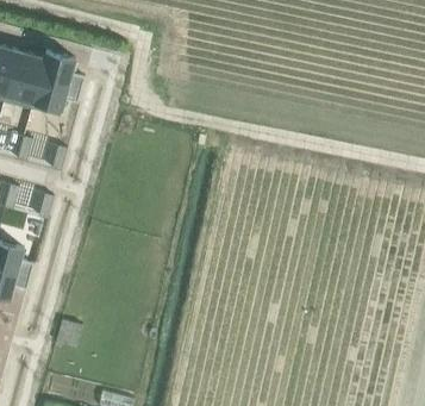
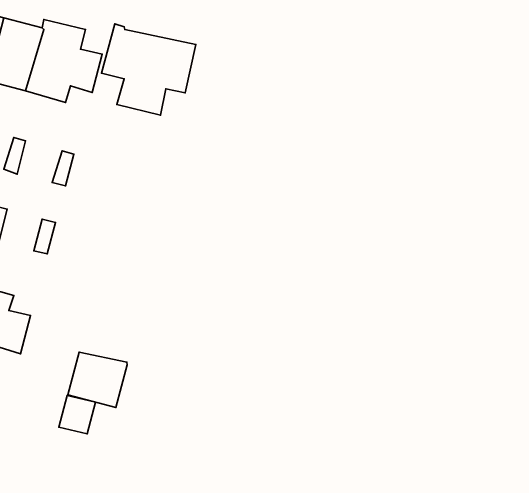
building: none -> [102,24,196,115]
building: none -> [68,352,127,407]

